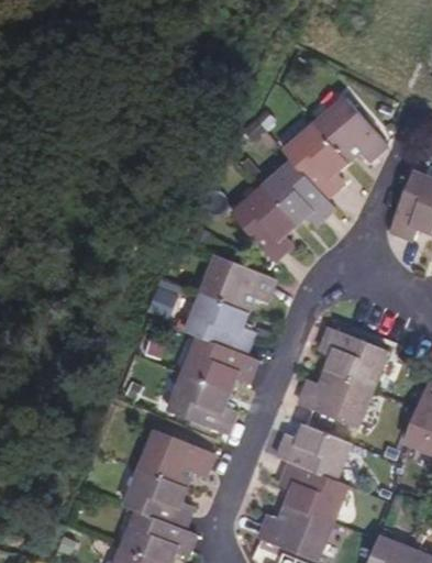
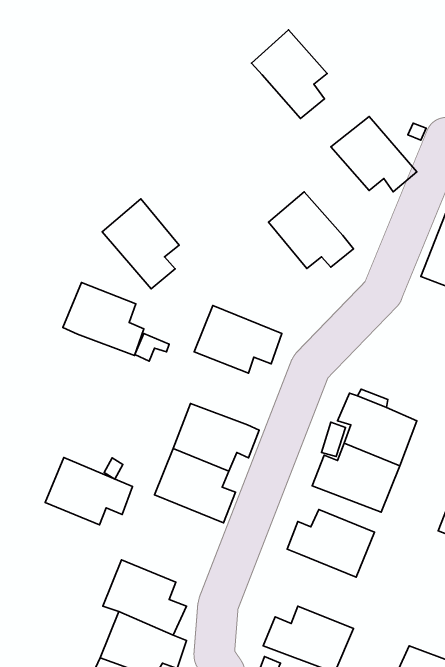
building: [283,123,345,197] -> [252,30,327,119]
building: [230,186,293,261] -> [102,199,179,289]
building: [185,294,252,354] -> [63,283,144,355]
building: [140,429,212,485] -> [45,457,133,525]
building: [279,462,346,523] -> none

